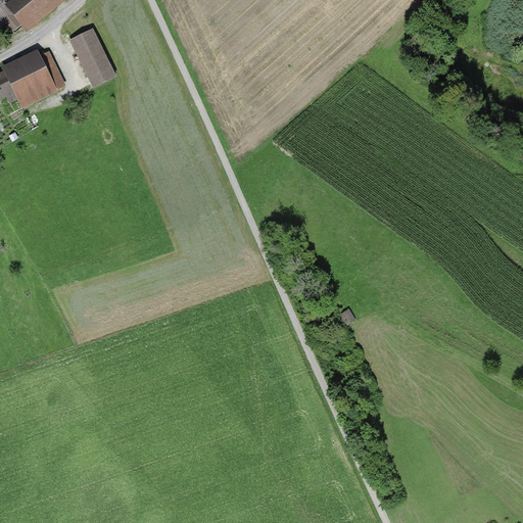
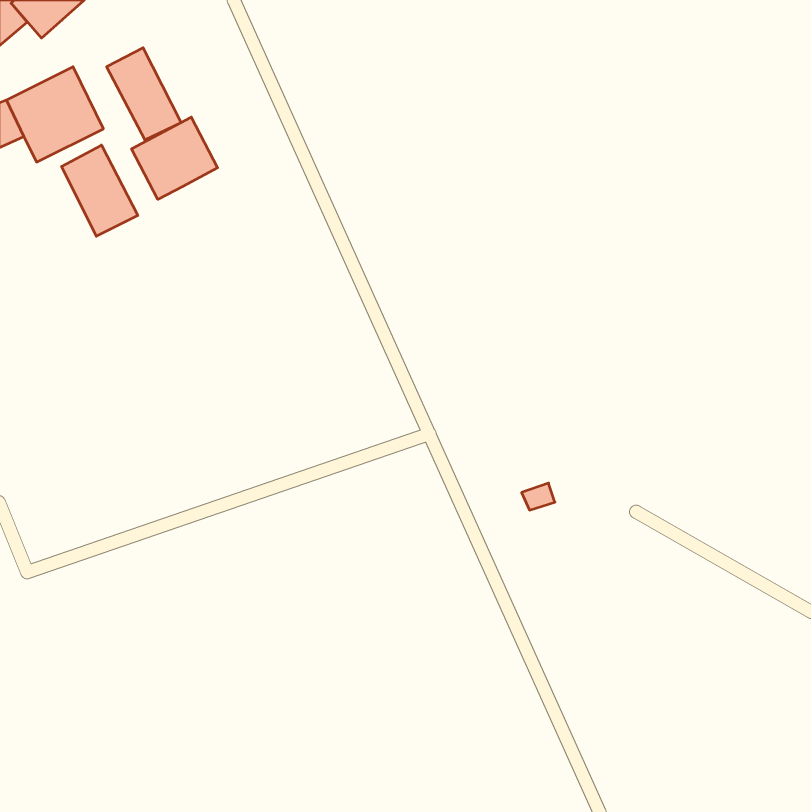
building: none -> [132,117,218,199]
building: none -> [62,145,138,236]

